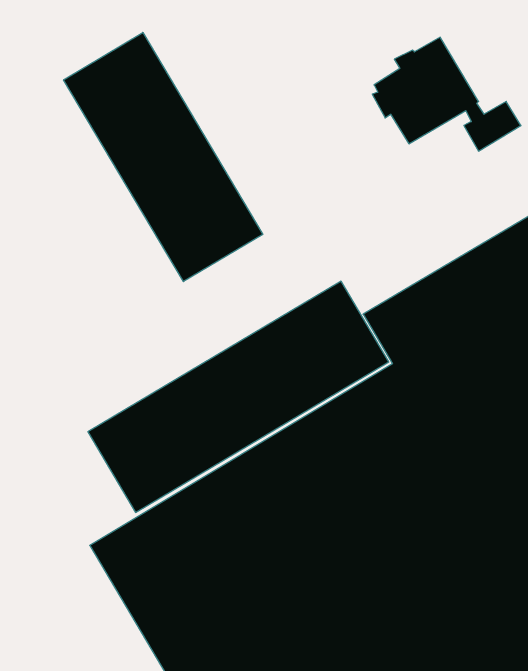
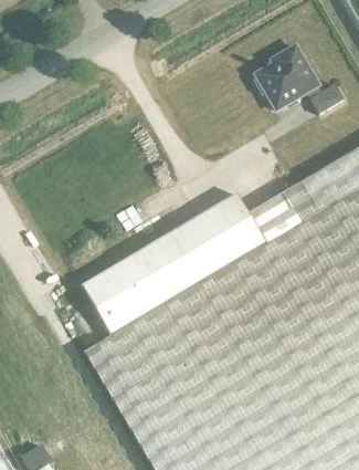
building: [64,32,263,282] -> none

